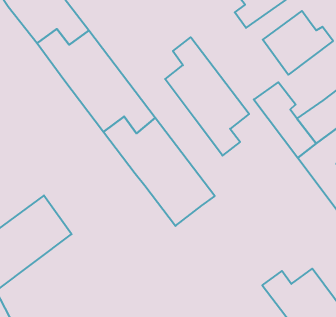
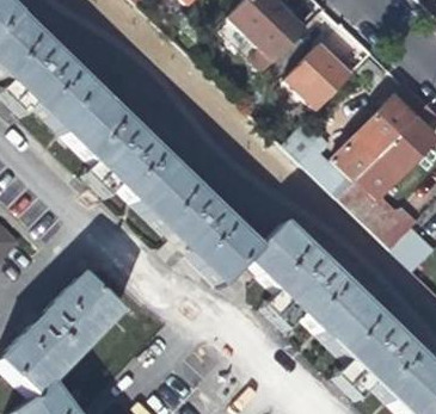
building: [165,37,249,156] -> none
building: none -> [252,220,376,329]

